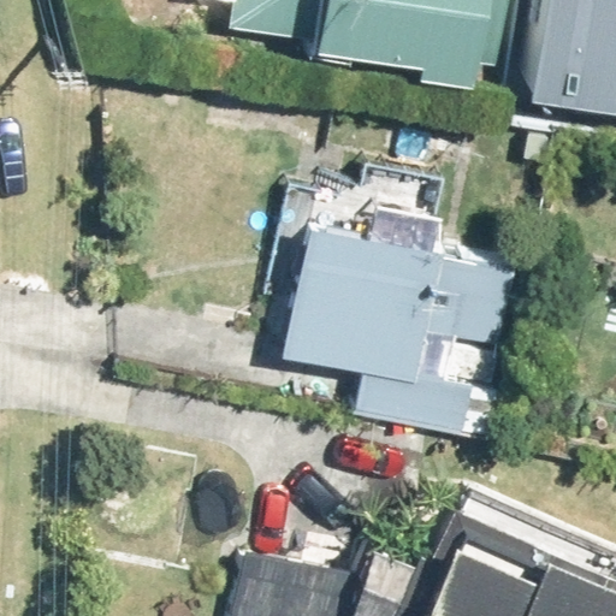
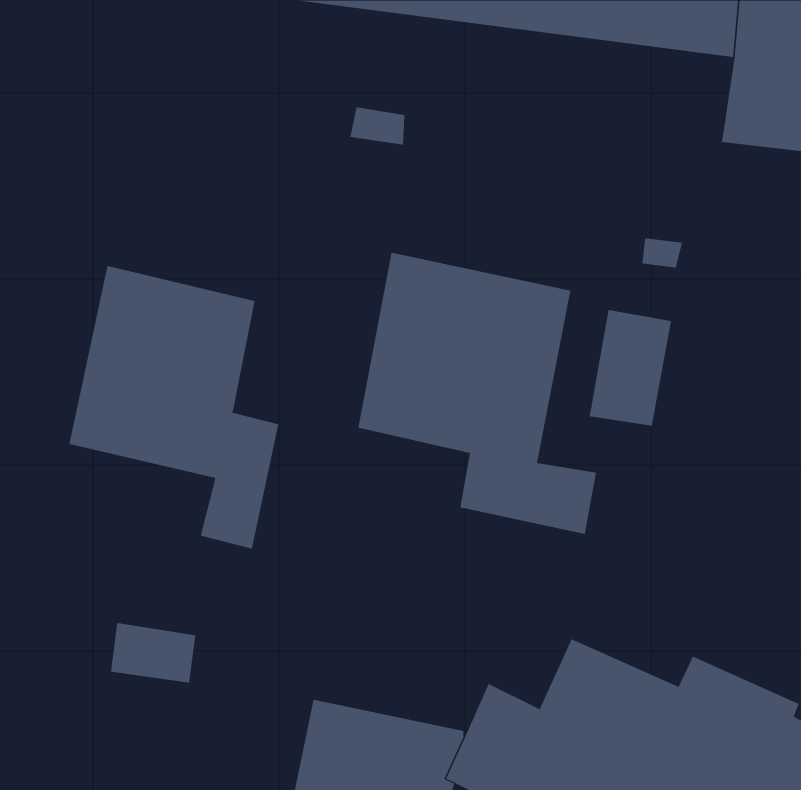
building: none -> [69,265,279,549]

